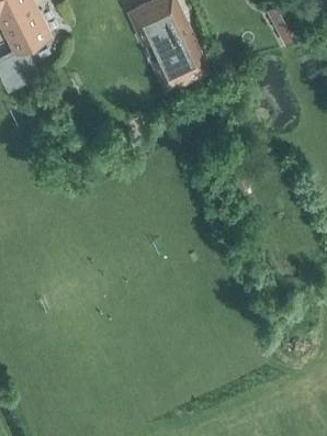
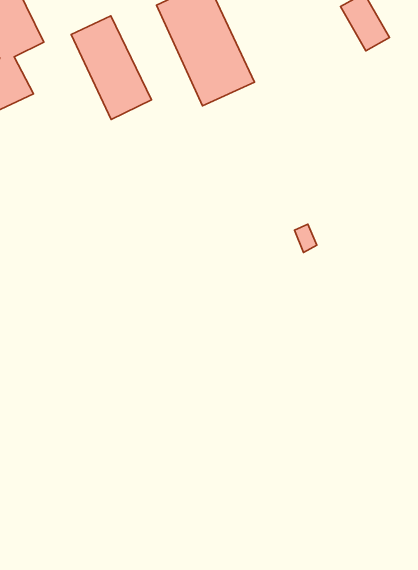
building: none -> [71,16,152,119]

